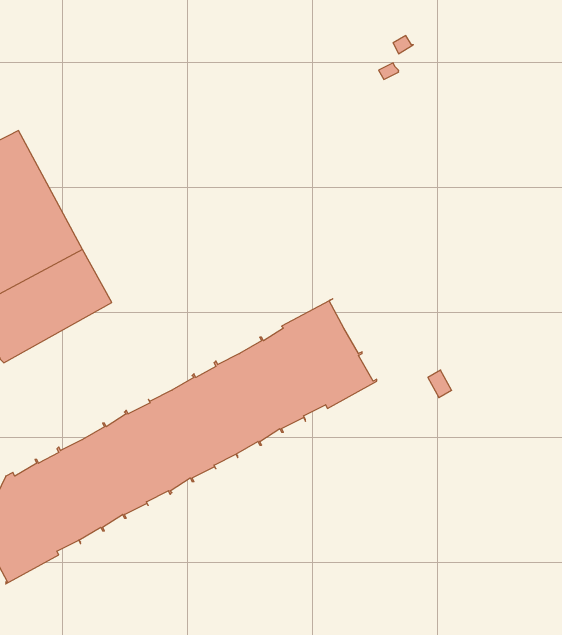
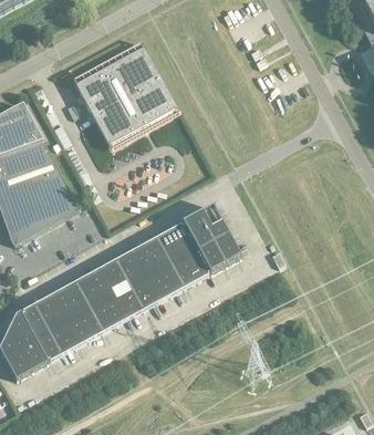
building: none -> [73,42,180,149]

